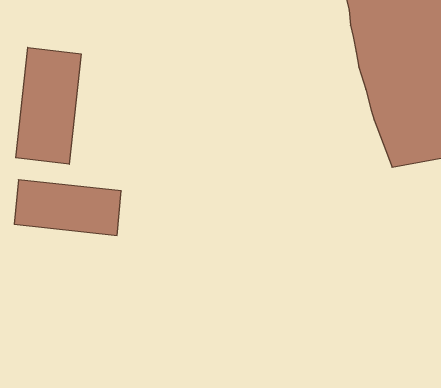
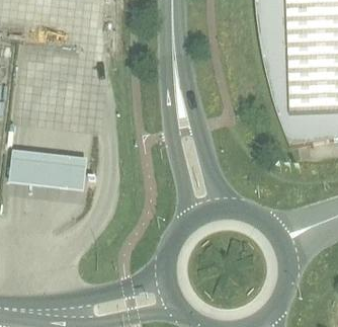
building: [16,47,81,164] -> none

